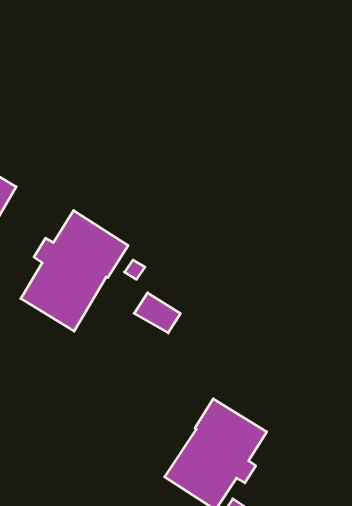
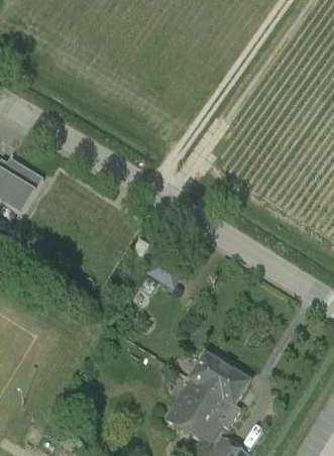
building: [21,210,128,331] -> none

